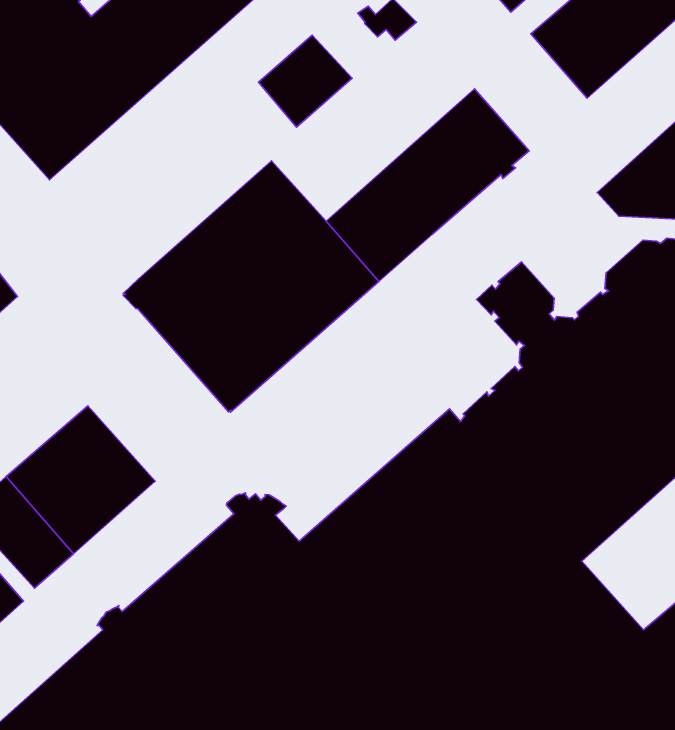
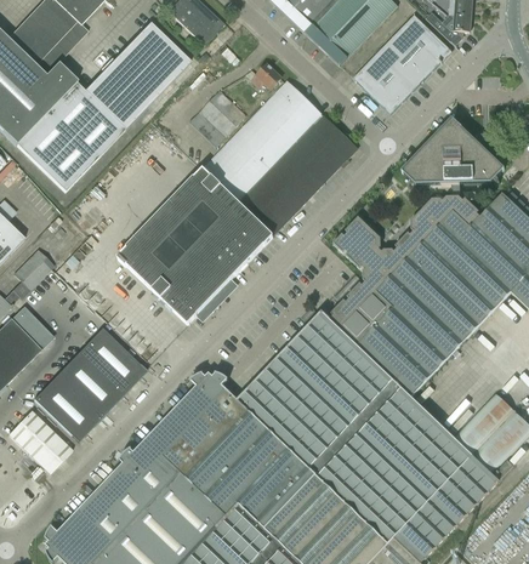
building: none -> [201,80,322,203]

